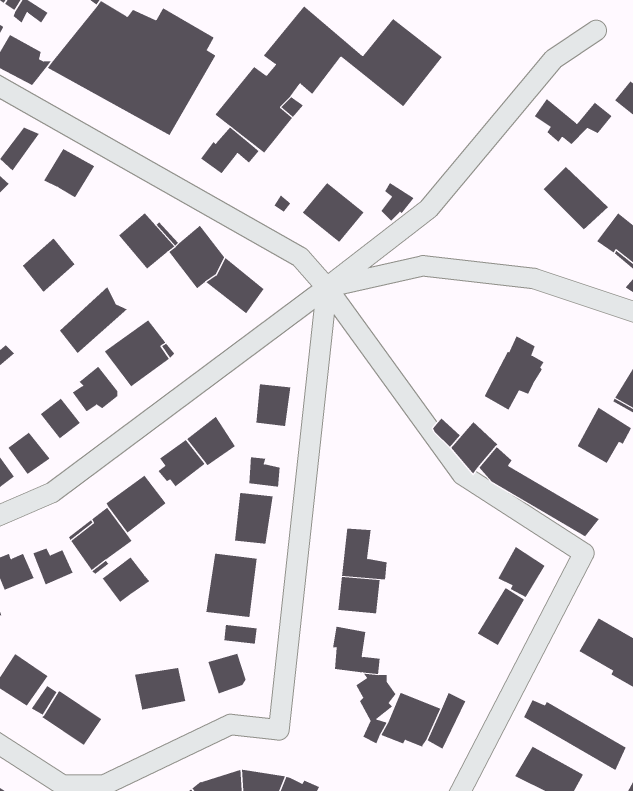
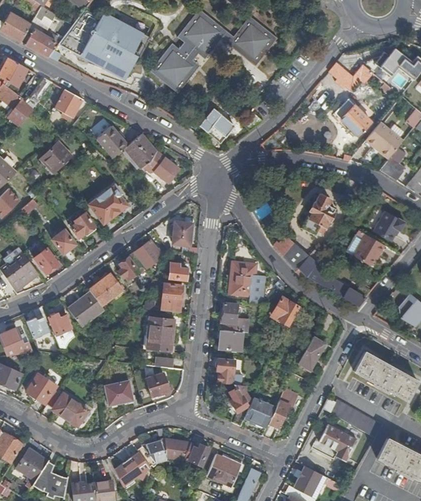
building: [200,127,260,174] -> none
building: [59,286,128,354] -> none
building: none -> [227,264,265,304]
building: [497,546,546,598] -> [272,296,299,325]
building: [102,556,150,603] -> none

